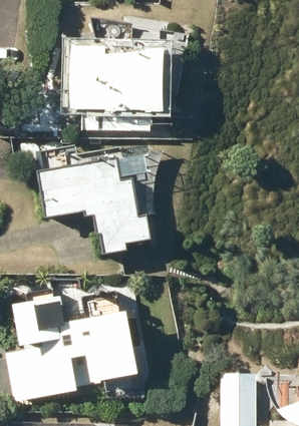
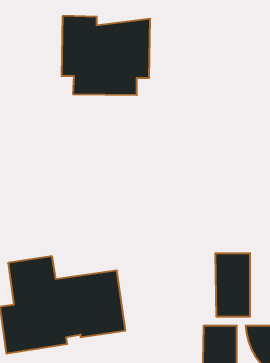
building: [40,156,153,255] -> none
building: none -> [216,253,250,317]

